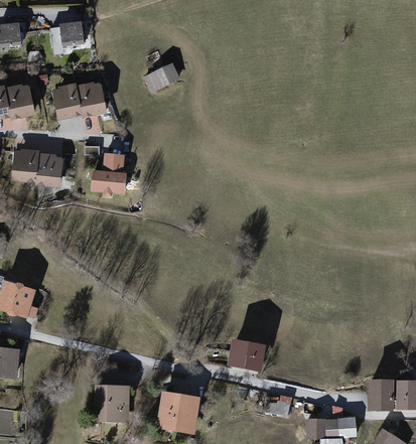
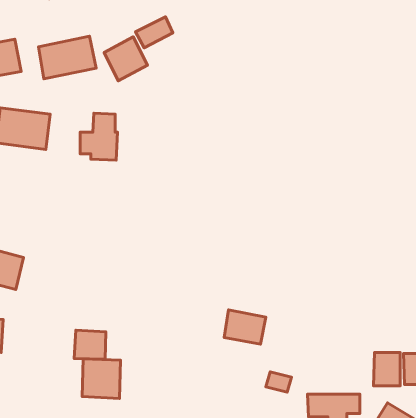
building: none -> [104,37,147,81]
building: none -> [74,330,106,359]
building: [155,391,199,434] -> none

